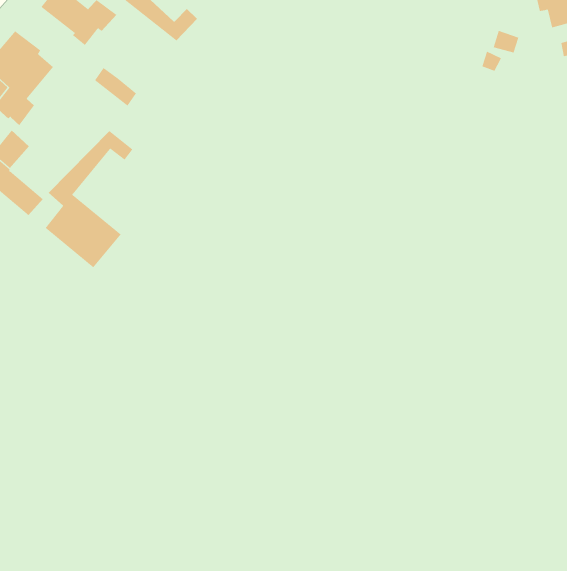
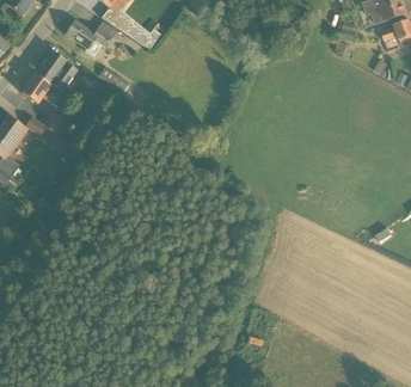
building: [45,130,133,268] -> none

